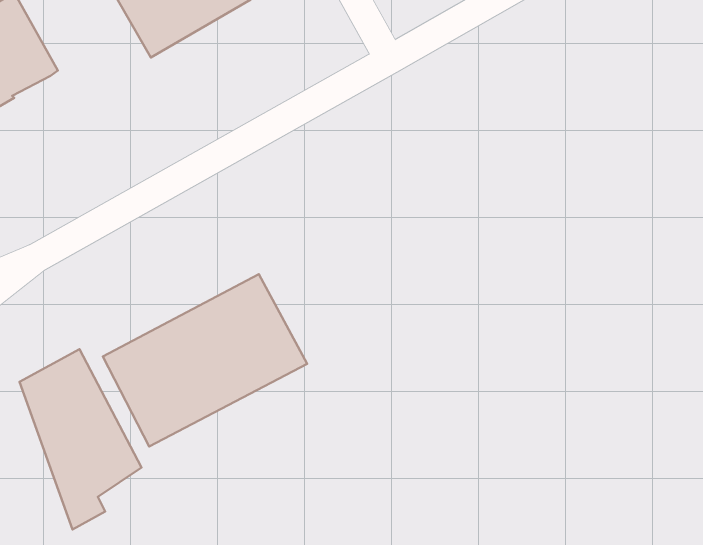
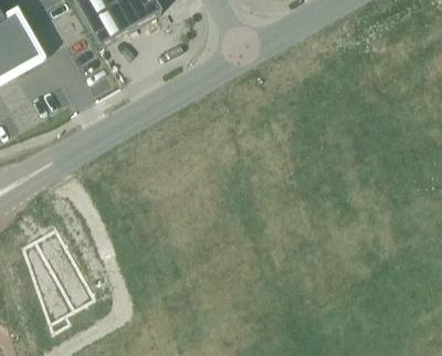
building: [103,274,307,447] -> none

